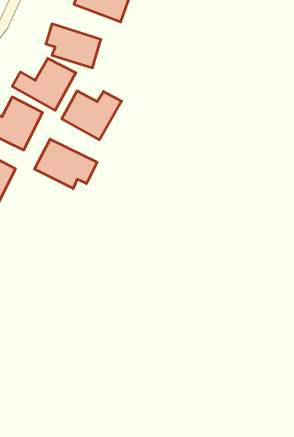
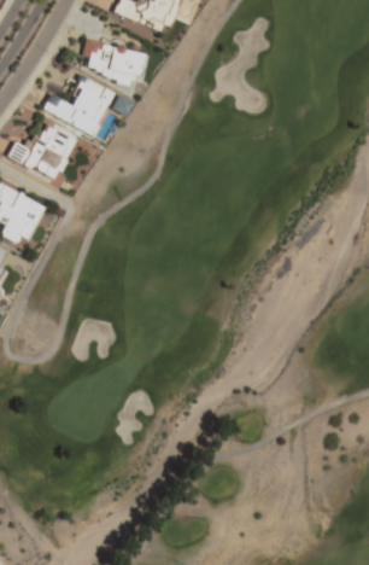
building: [62,91,122,140] -> none
building: [35,139,97,189] -> none

